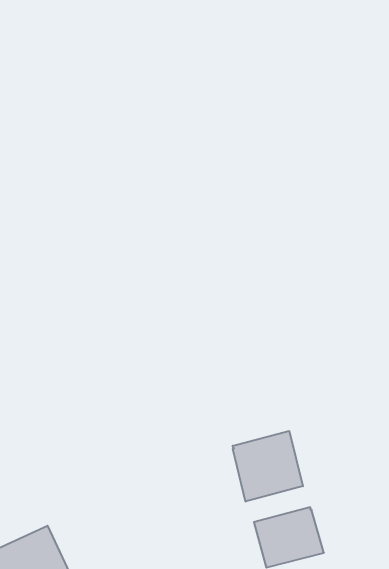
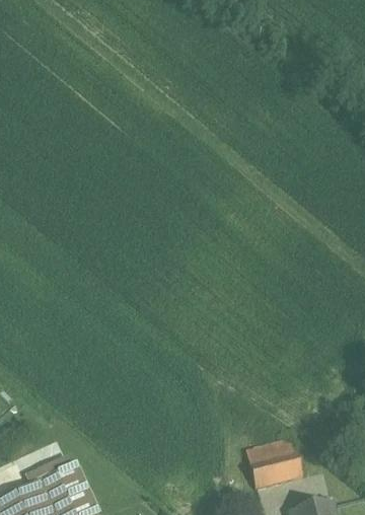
building: [233,431,303,502] -> none

